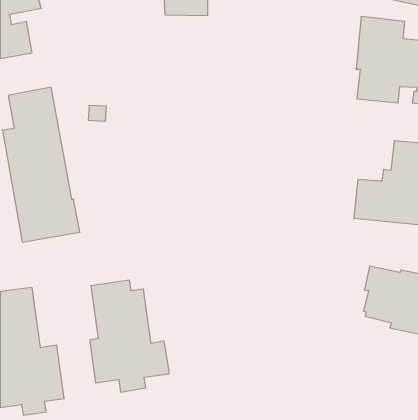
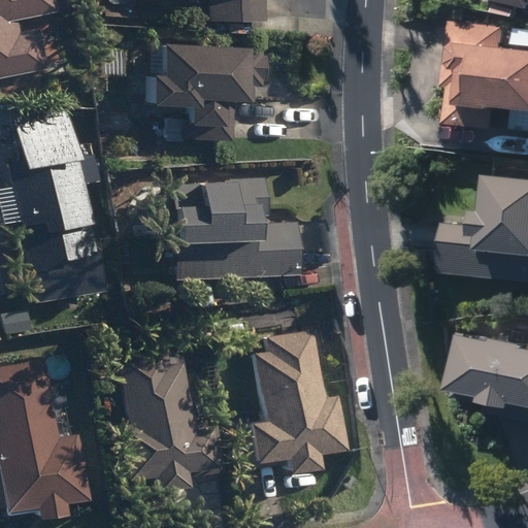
building: none -> [147,42,266,140]
building: none -> [171,176,300,280]
building: none -> [237,330,343,474]

